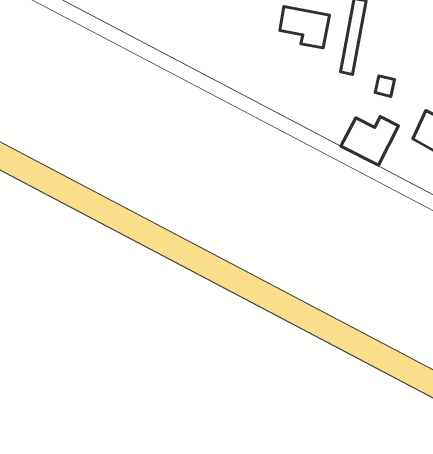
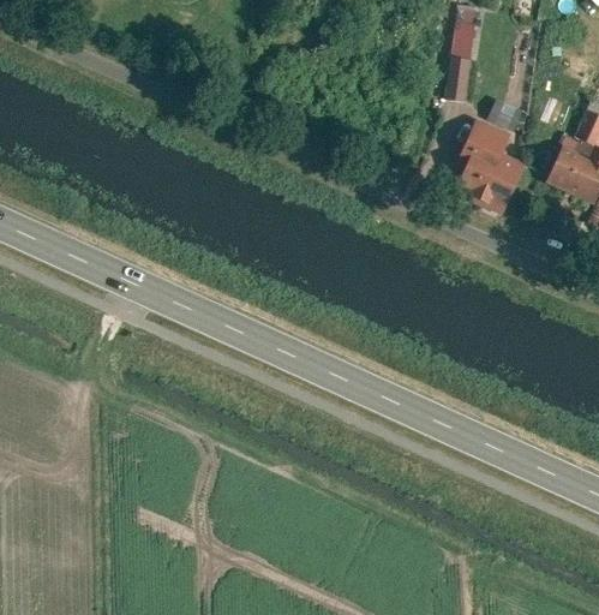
building: [280,7,329,48] -> none
building: none -> [460,117,510,167]

